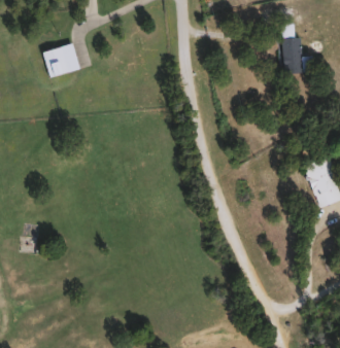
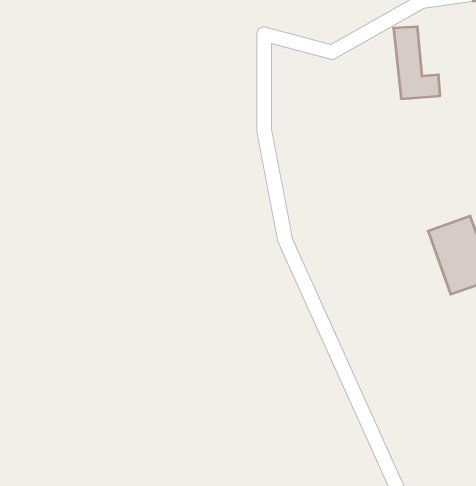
building: [41,44,79,78] -> none

